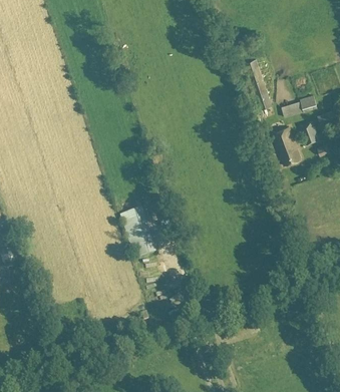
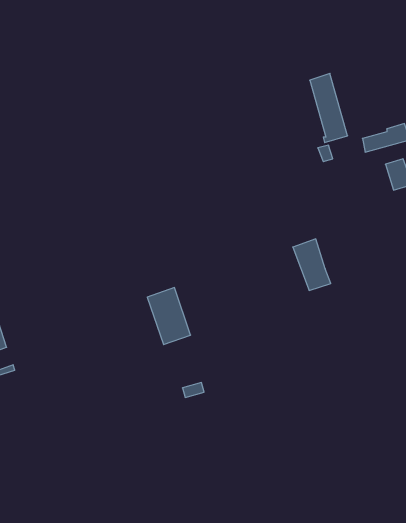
building: [273,125,301,163] -> [293,239,331,290]

